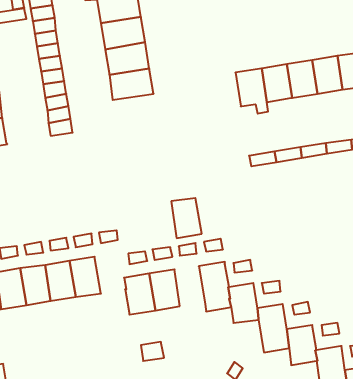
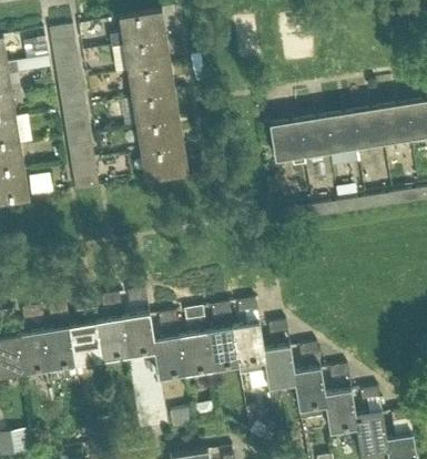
building: none -> [141,147,189,182]
building: [171,198,202,238] -> [206,329,238,371]
building: none -> [122,315,155,358]

